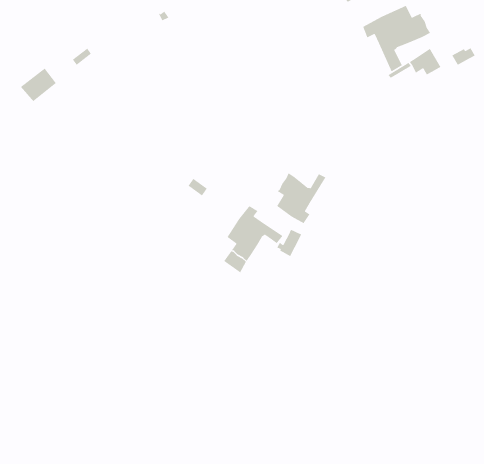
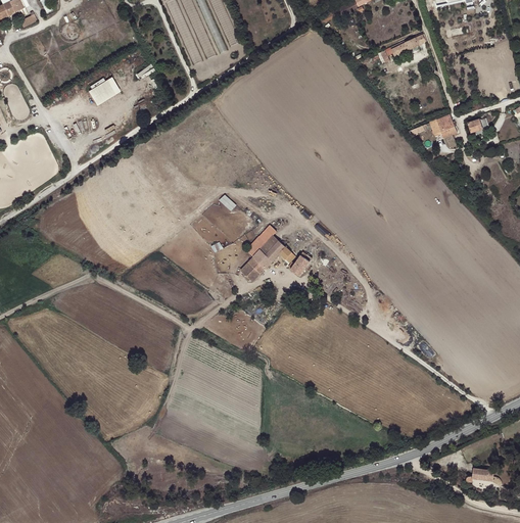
building: [362,5,431,72] -> none
building: [276,172,326,224] -> none

